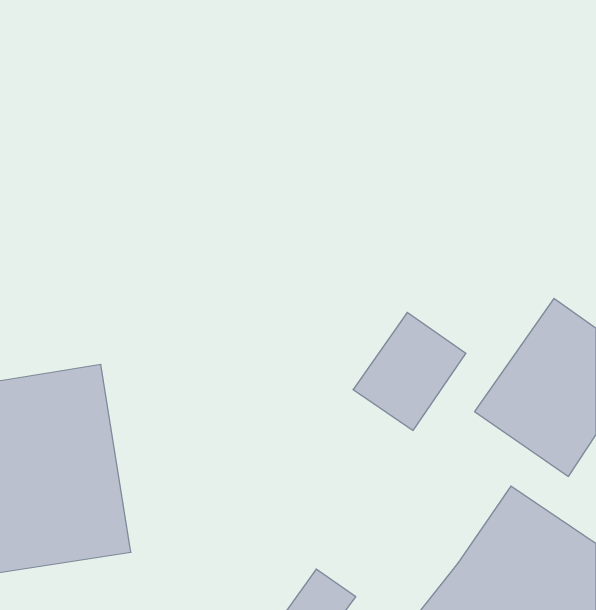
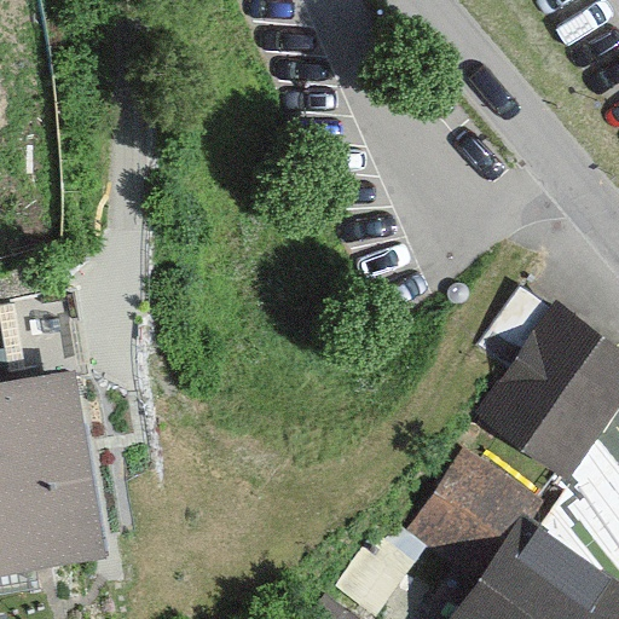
building: [353,312,466,430] -> [400,452,514,571]

